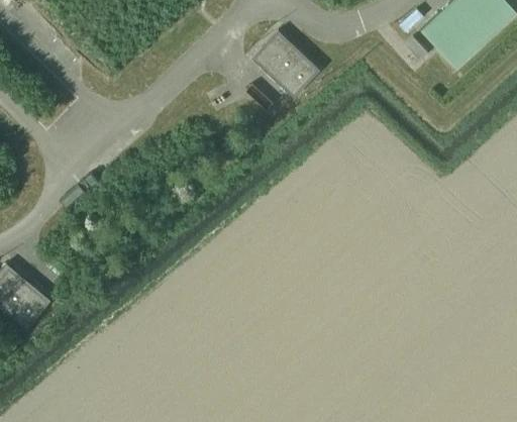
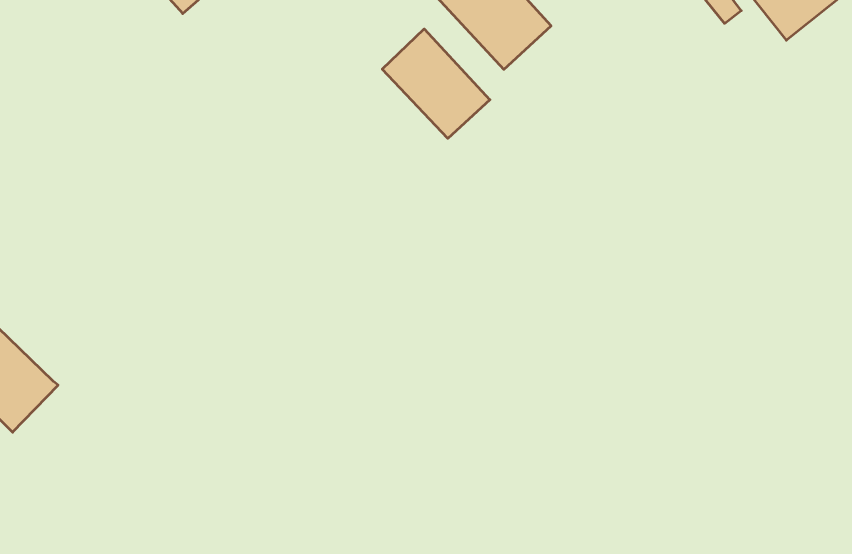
building: none -> [382,29,490,138]

